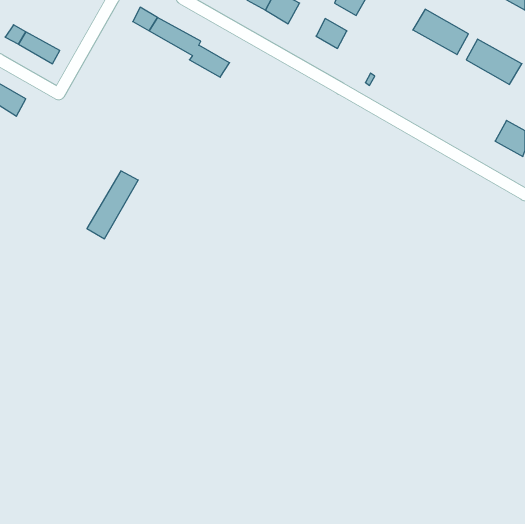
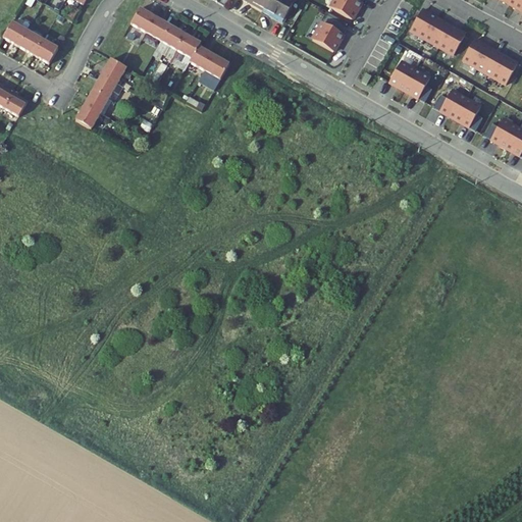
building: none -> [387,61,428,99]
building: none -> [439,91,478,126]
building: [87,171,138,239] -> [75,60,126,127]

